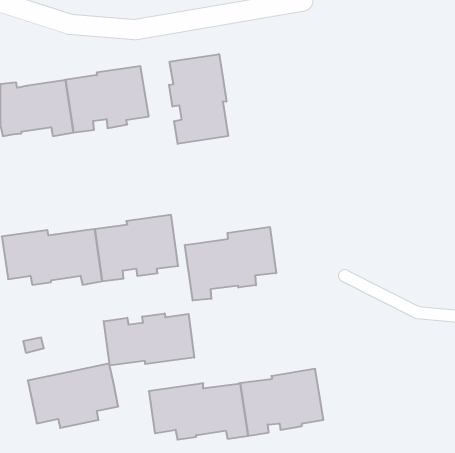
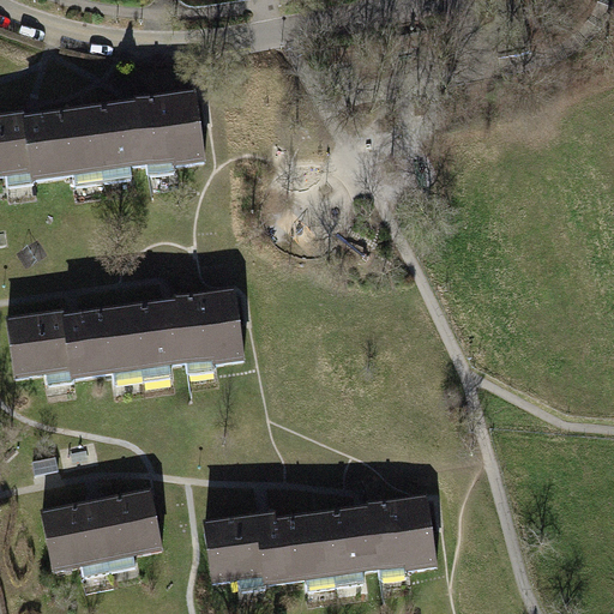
building: [169,54,228,144] -> none
building: [185,227,276,301] -> none
building: [104,313,194,366] -> none

